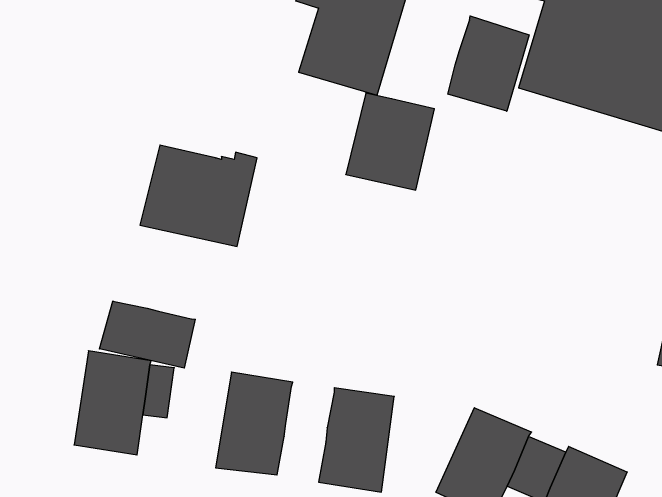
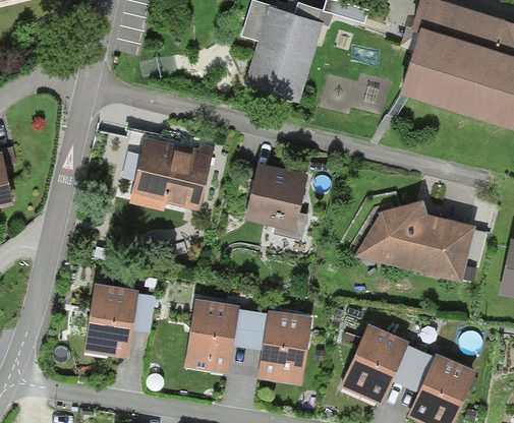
building: [448,16,529,111] -> none
building: [346,93,434,190] -> [244,162,307,231]
building: none -> [354,200,475,282]
building: [99,301,195,368] -> none
building: none -> [233,309,269,349]

